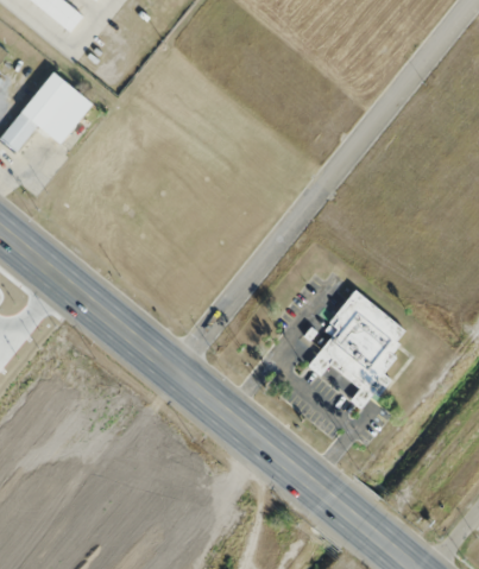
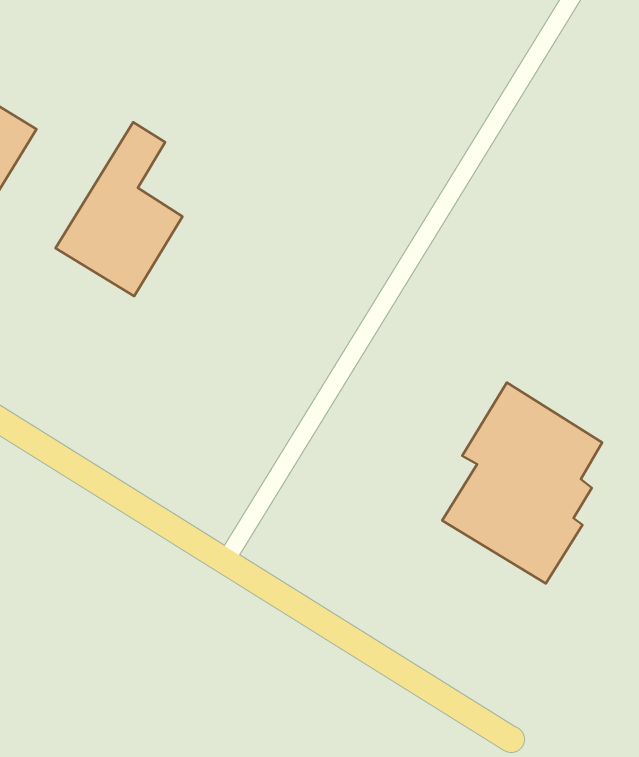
building: none -> [55,122,182,296]

